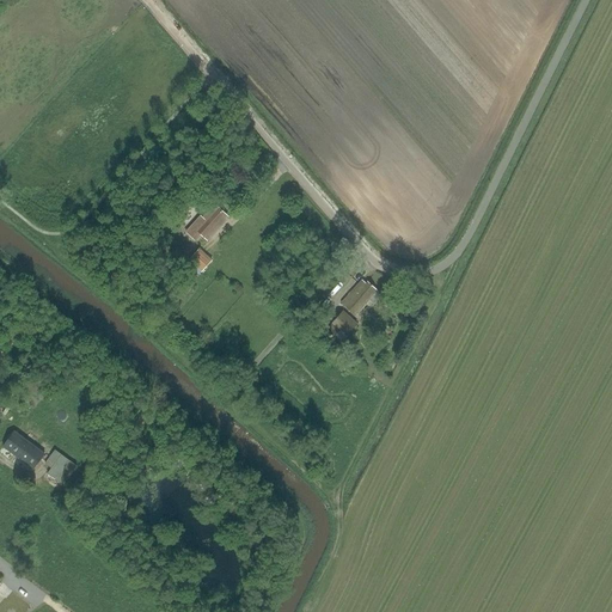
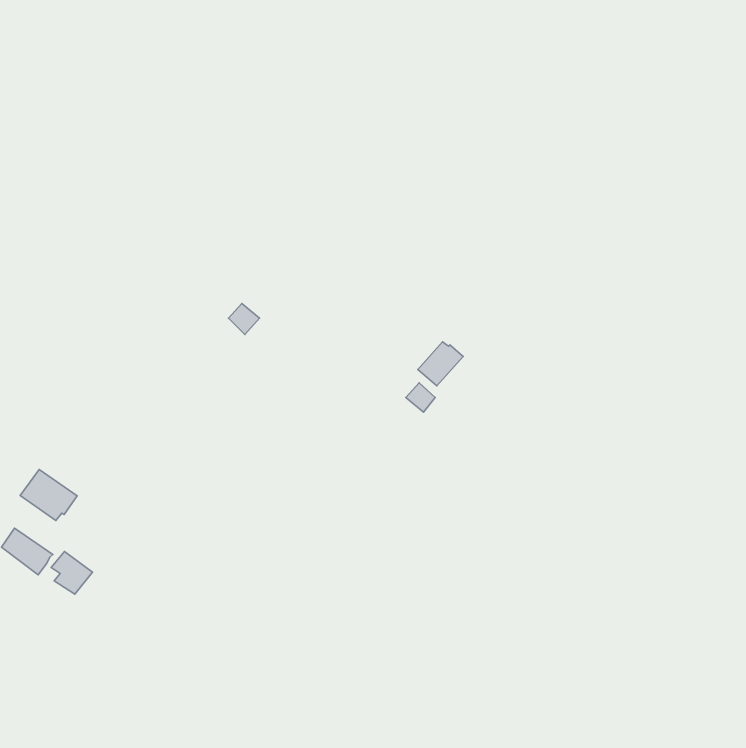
building: [186,204,230,240] -> none
building: none -> [20,470,77,520]

